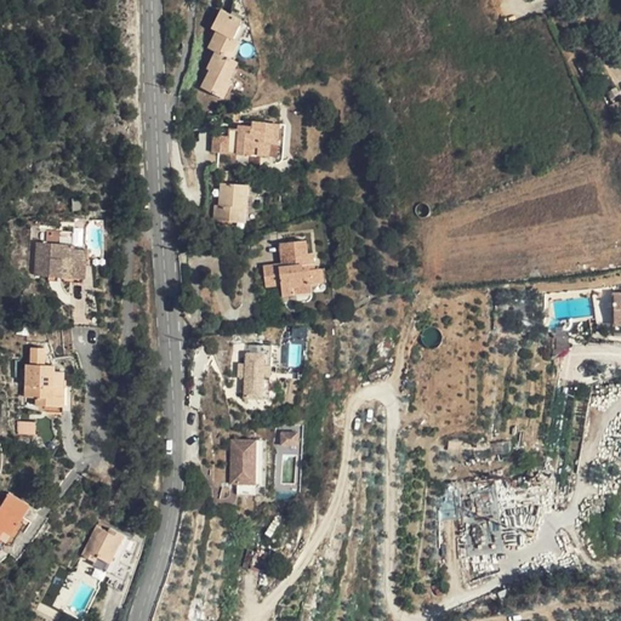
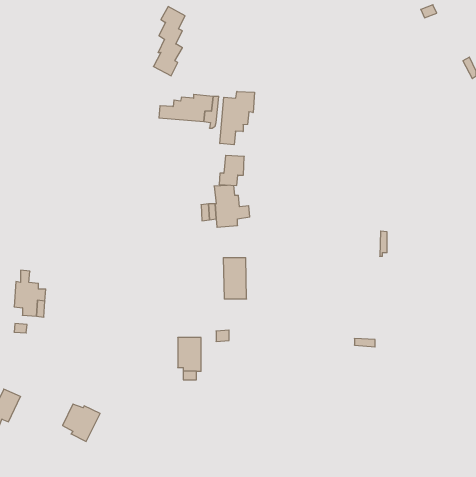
building: none -> [220,91,254,145]
building: [213,182,246,221] -> [219,155,244,185]
building: [34,240,84,280] -> none
building: [240,343,270,397] -> [223,258,247,299]

